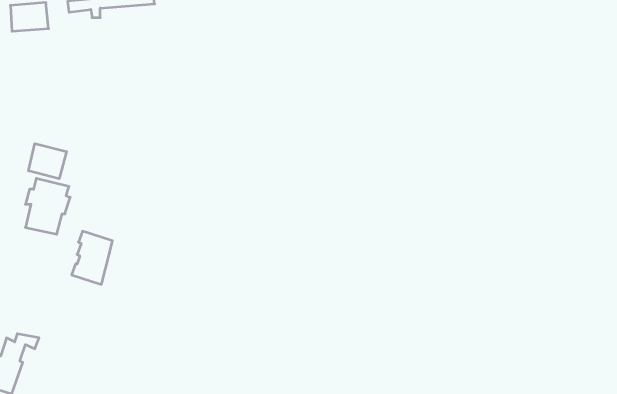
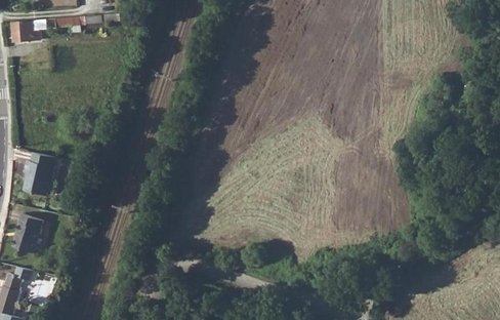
building: [29,144,67,179] -> none
building: [72,231,112,284] -> [12,212,43,252]

